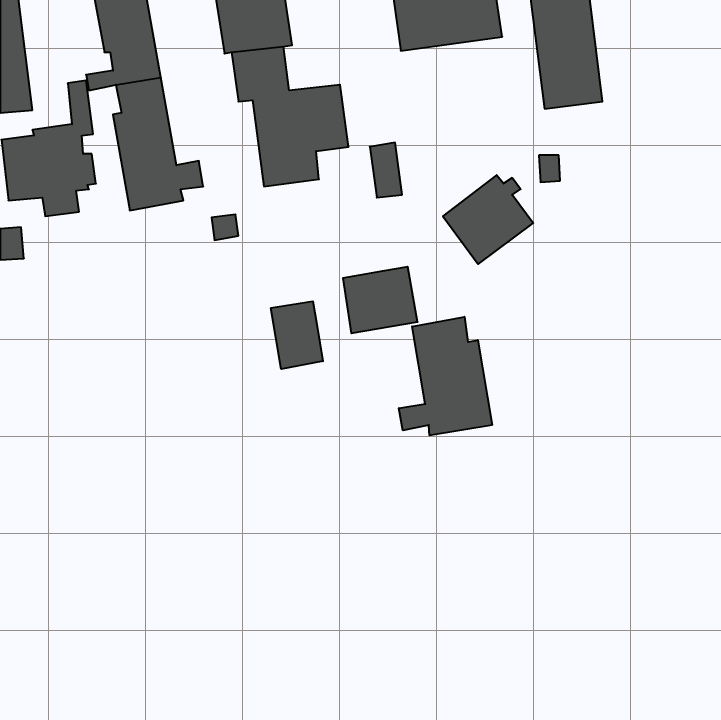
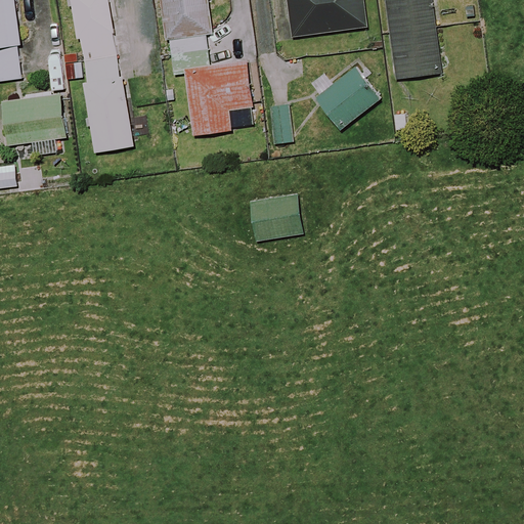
building: [443,175,533,264] -> [314,66,380,130]
building: [271,301,323,369] -> none
building: [399,317,492,435] -> none

